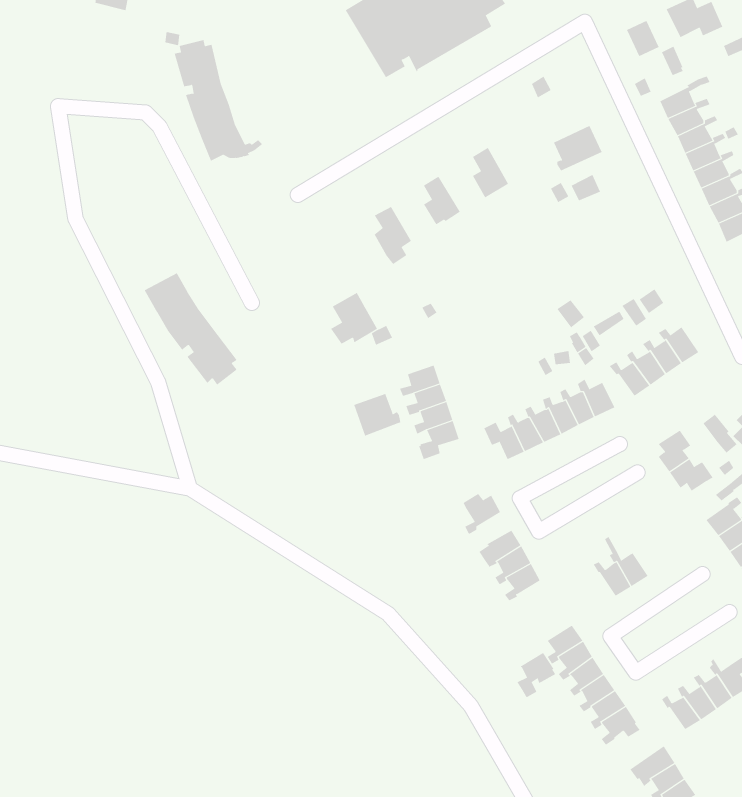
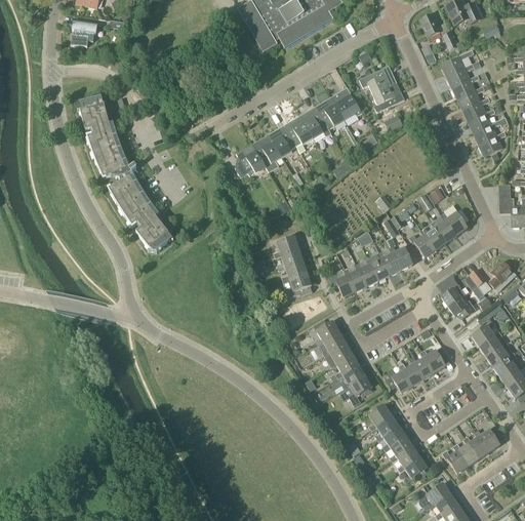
building: none -> [71,18,97,45]
building: [174,39,263,162] -> [79,99,136,178]
building: none -> [359,65,396,92]
building: none -> [330,87,362,119]
building: none -> [298,108,331,141]
building: none -> [268,127,296,156]
building: [330,292,378,345] -> [234,143,265,176]
building: [353,393,401,436] -> none
building: none -> [310,331,346,360]
building: none -> [419,347,448,372]
building: none -> [382,369,412,393]
building: [517,652,556,698] -> [347,375,372,405]

